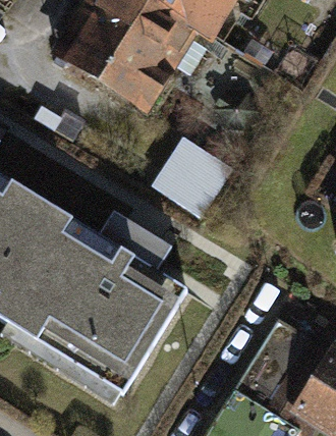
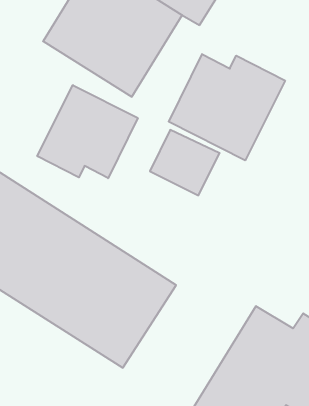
building: none -> [169,54,285,160]
building: none -> [37,85,138,178]

